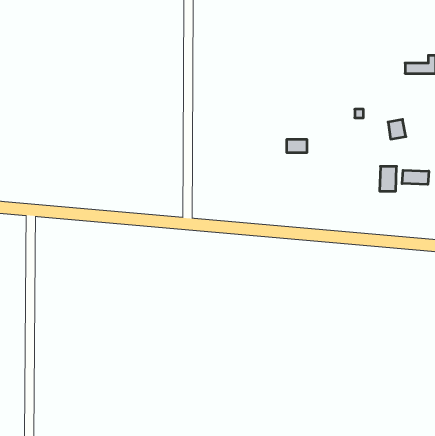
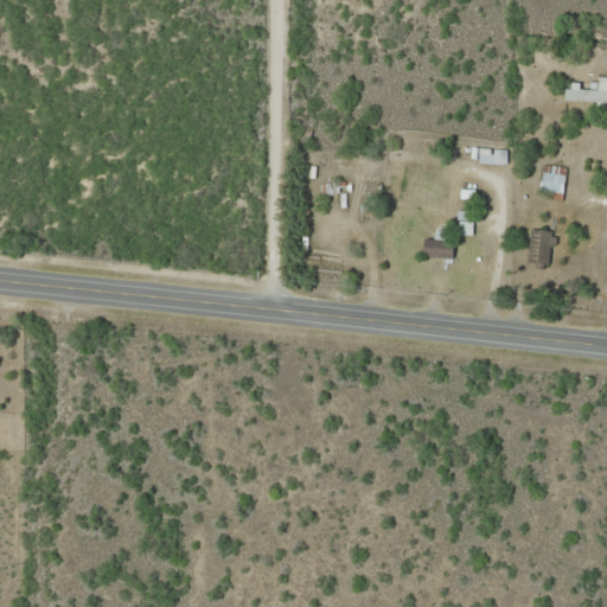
building: [287,140,307,152] -> [423,239,452,257]
building: [402,170,429,184] -> none

